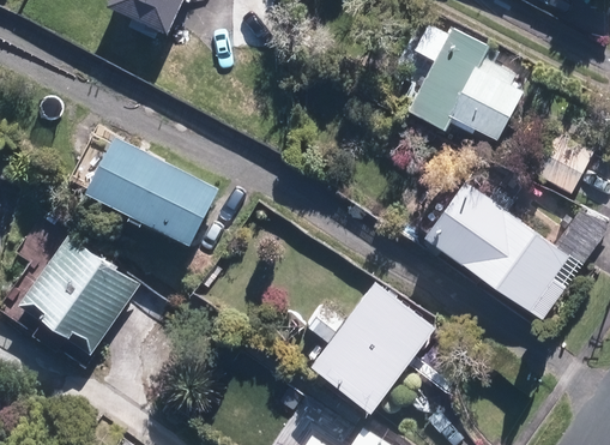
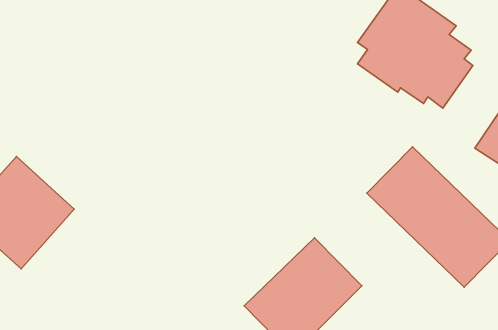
building: [81,137,212,246] -> none

